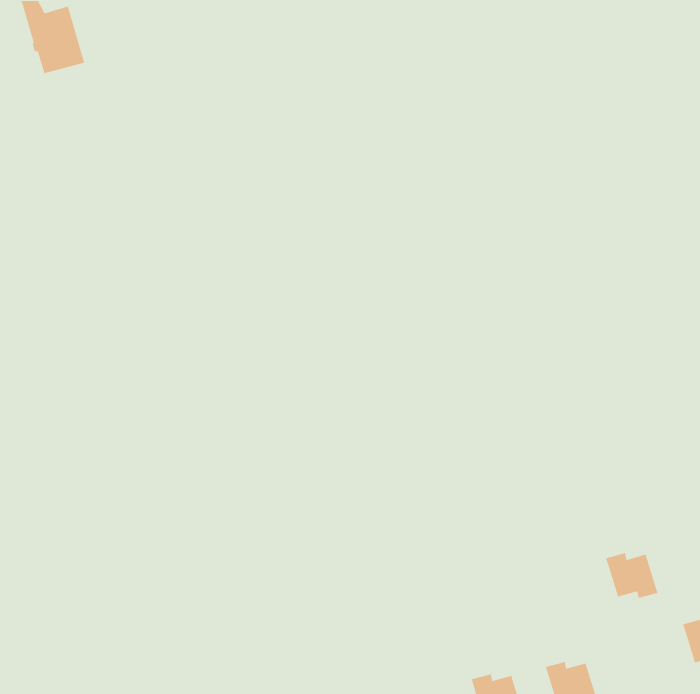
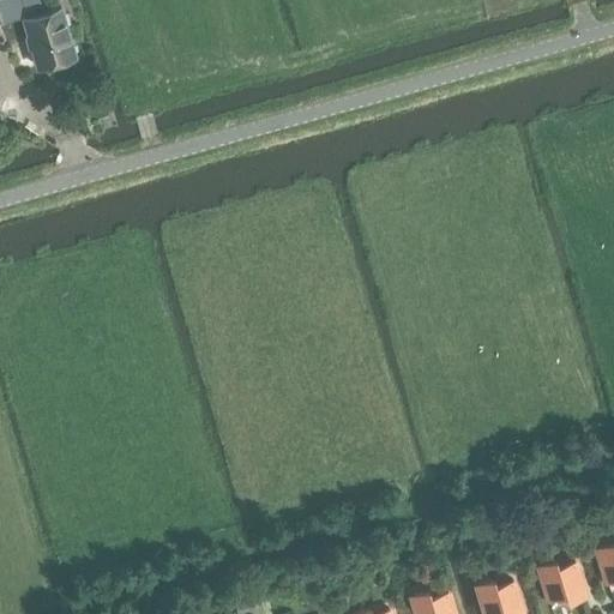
building: [605,552,659,599] -> [540,565,586,606]

